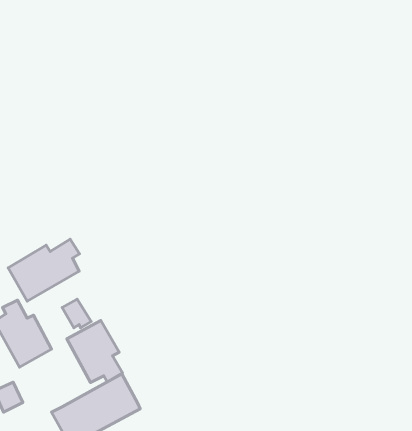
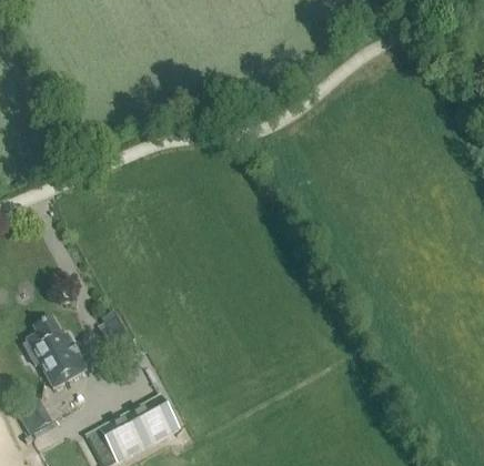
building: [8,239,80,301] -> none
building: [67,320,122,382] -> none

